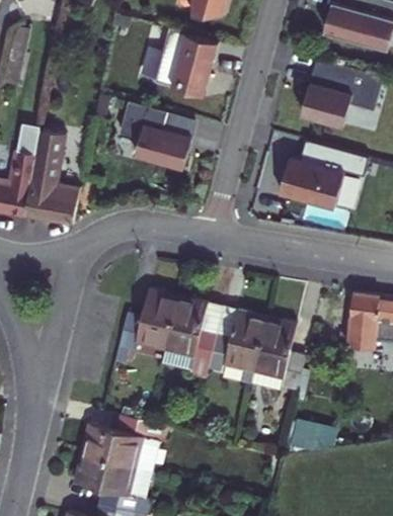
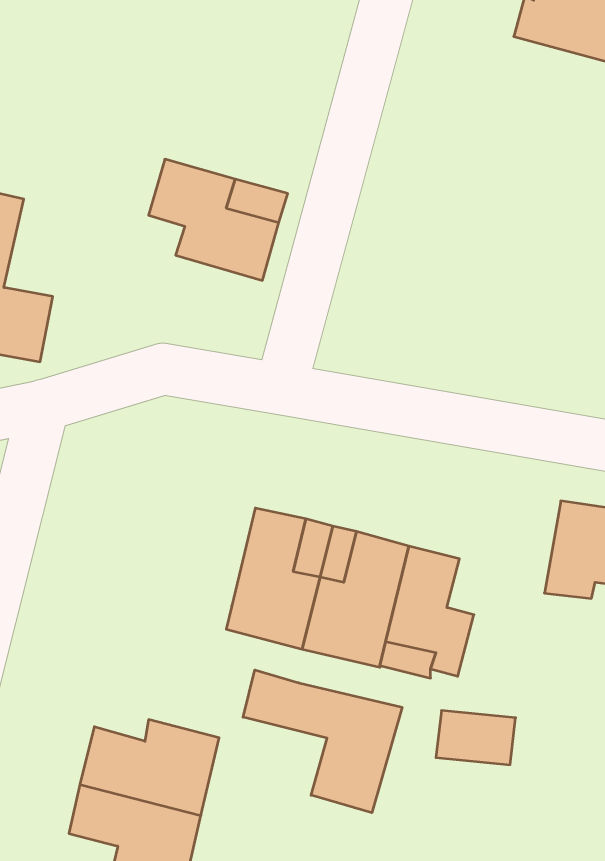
building: [140,27,205,94] -> none
building: [290,58,372,125] -> none
building: [282,143,371,211] -> none
building: [120,291,181,364] -> none
building: none -> [243,670,402,813]

